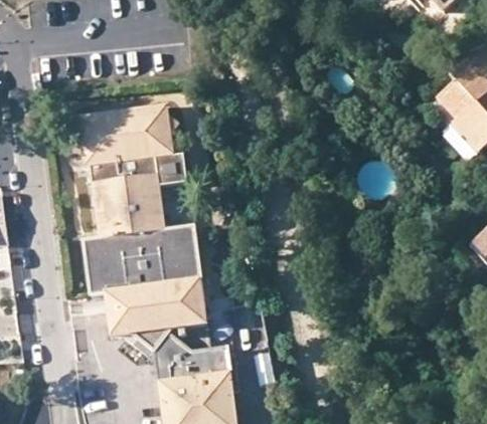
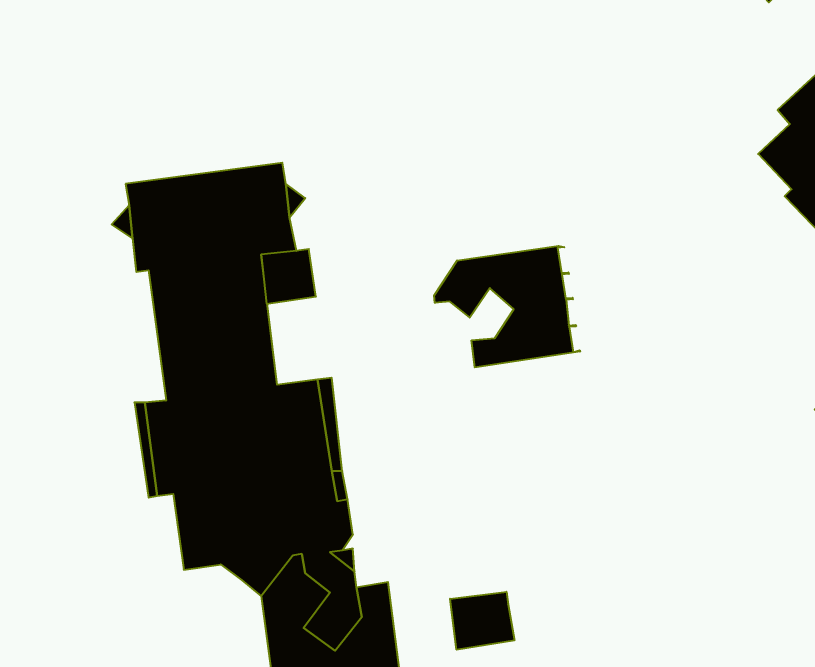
building: none -> [434,246,580,367]
building: none -> [450,592,514,650]

